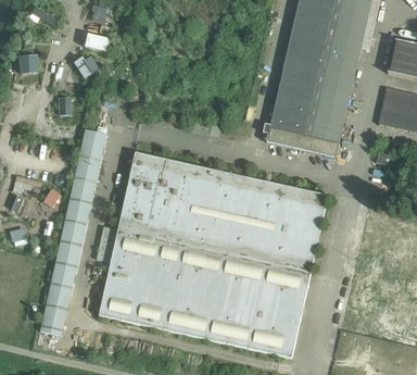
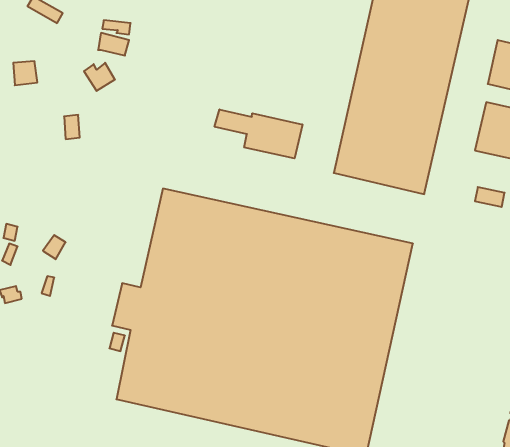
building: none -> [215,109,302,158]
building: [41,128,108,335] -> none

